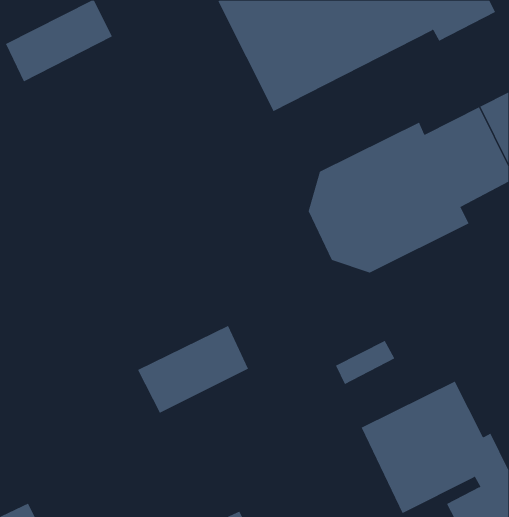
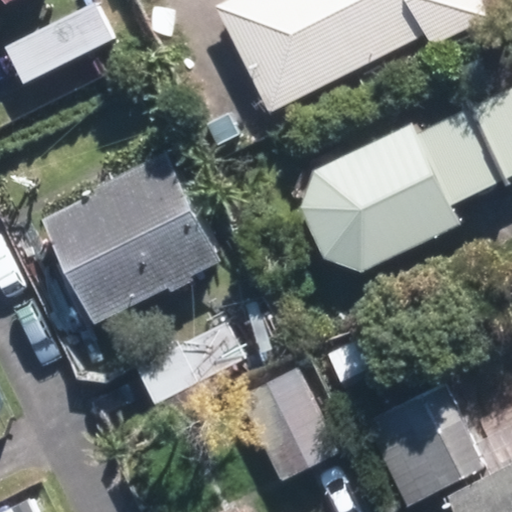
building: none -> [42,151,221,323]
building: none -> [238,367,338,479]

